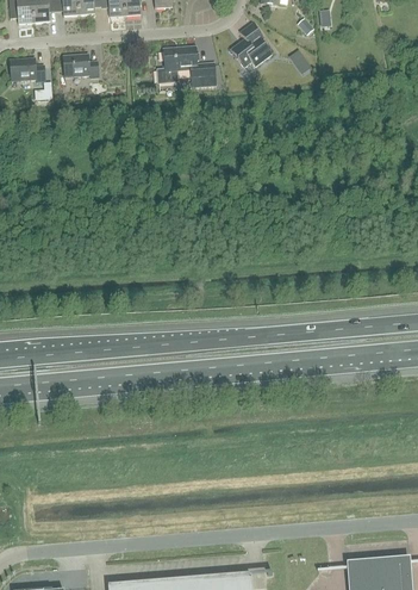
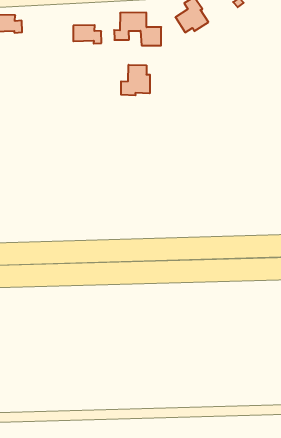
building: [62,55,98,77] -> [73,25,101,44]
building: none -> [121,65,150,95]

